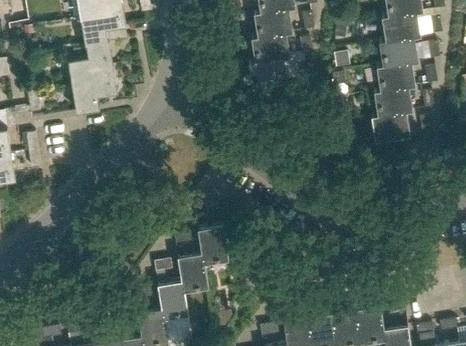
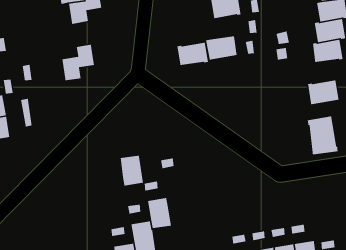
building: [71,25,126,86] -> none
building: [251,33,290,62] -> [176,42,209,66]
building: [374,87,413,116] -> none
building: none -> [307,116,339,156]
building: [199,226,228,264] -> [120,155,144,186]

